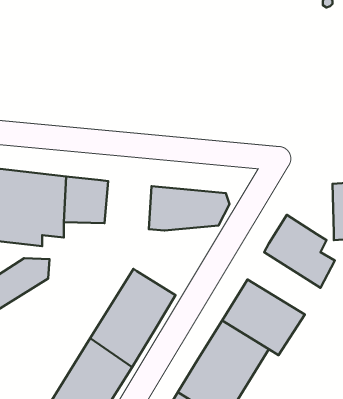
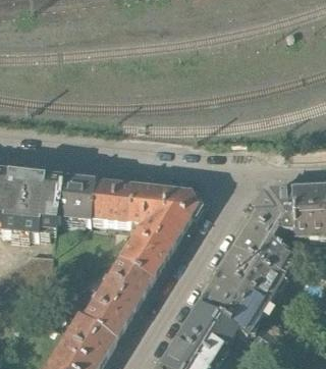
building: none -> [96,180,135,221]
building: none -> [251,182,290,225]
building: none -> [123,218,193,277]
building: none -> [217,241,279,294]

